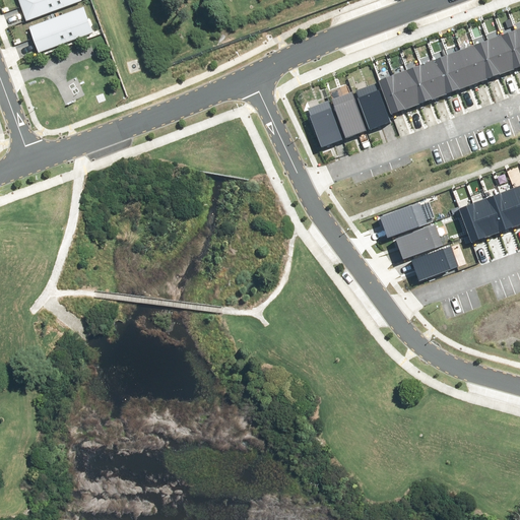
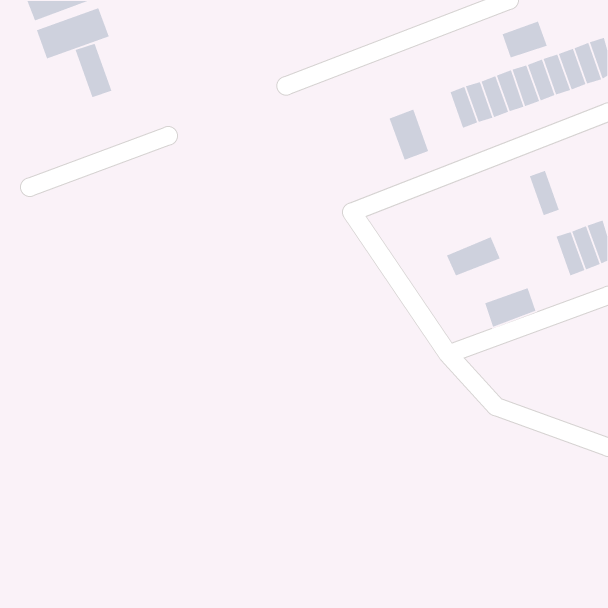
building: none -> [501,21,548,58]
building: none -> [75,43,113,98]
building: [352,85,388,130] -> none
building: [310,102,344,146] -> none
building: [459,202,485,242] -> [529,170,560,216]
building: [396,224,443,258] -> none

